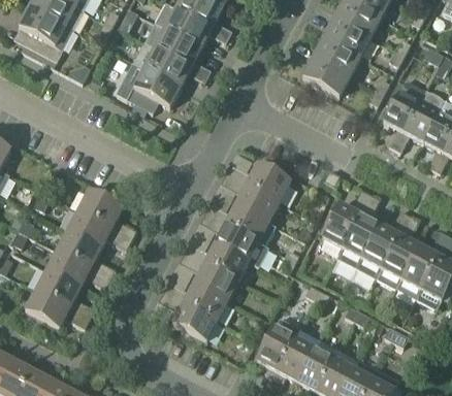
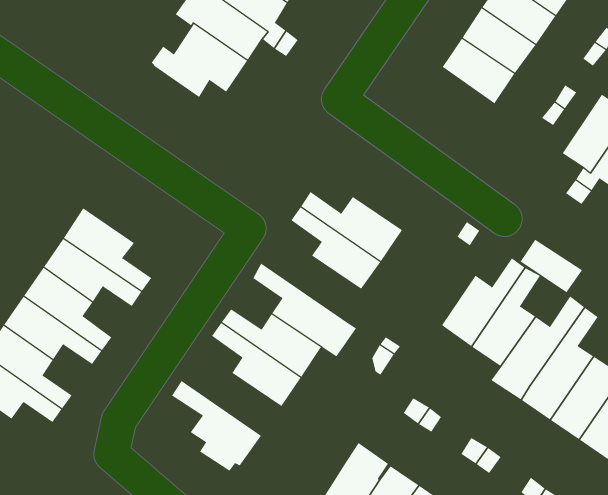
building: none -> [520,239,583,293]
building: [203,202,268,240] -> none
building: [162,282,227,320] -> none

